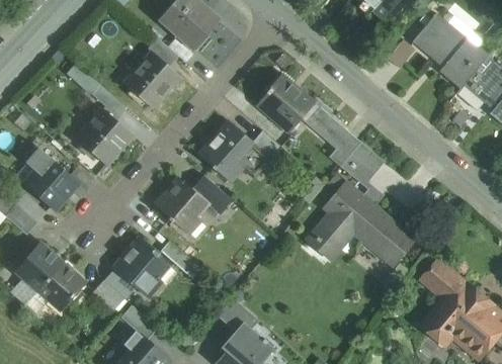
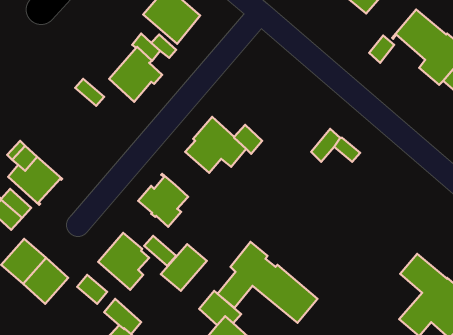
building: [259,75,339,138] -> none
building: [76,108,132,164] -> none
building: [340,152,371,183] -> none
building: [192,176,232,215] -> none
building: [312,183,413,265] -> [217,242,317,323]
building: none -> [161,244,207,291]

